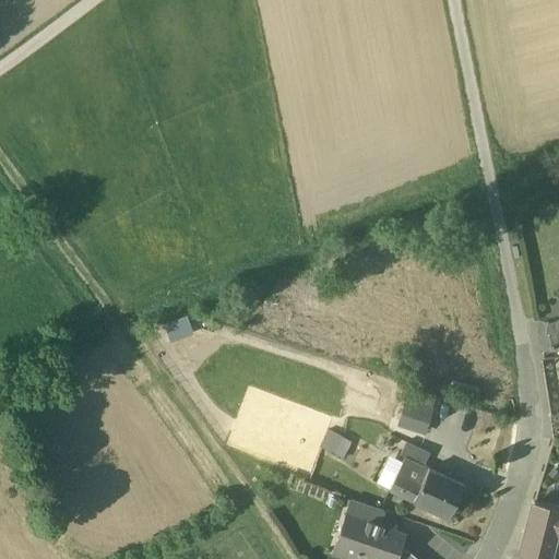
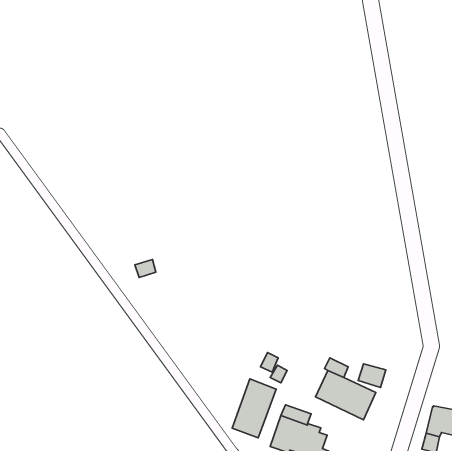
building: [400,402,433,431] -> [358,364,386,388]
building: none -> [232,379,276,438]

